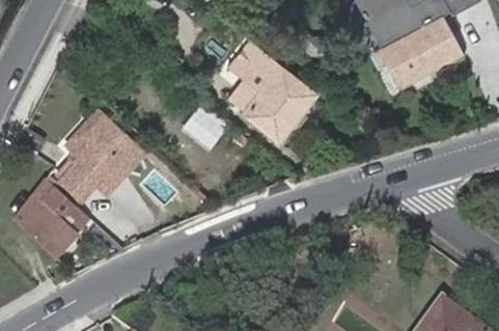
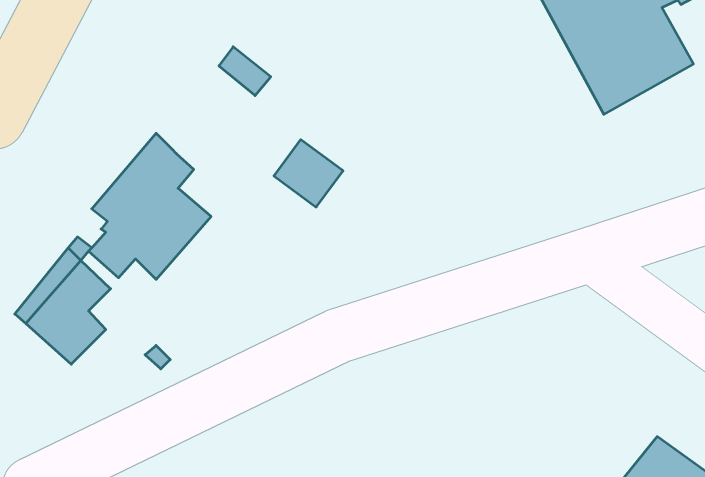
building: [225,40,317,144] -> none

